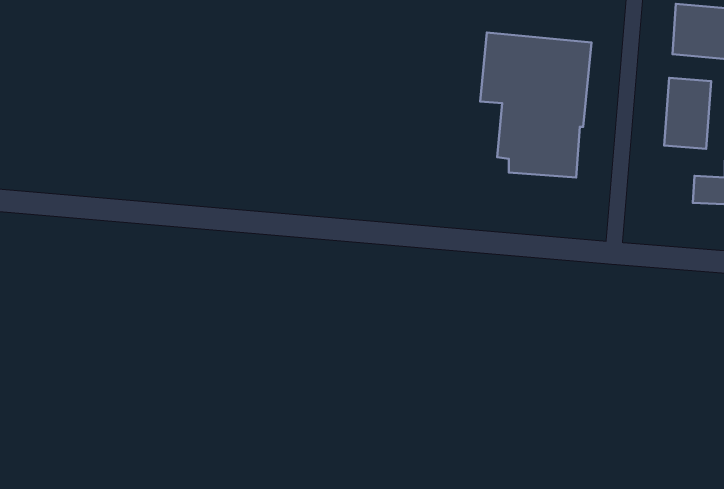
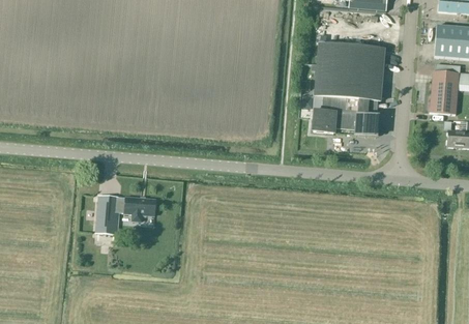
building: none -> [313,84,334,132]
building: none -> [95,194,155,234]

